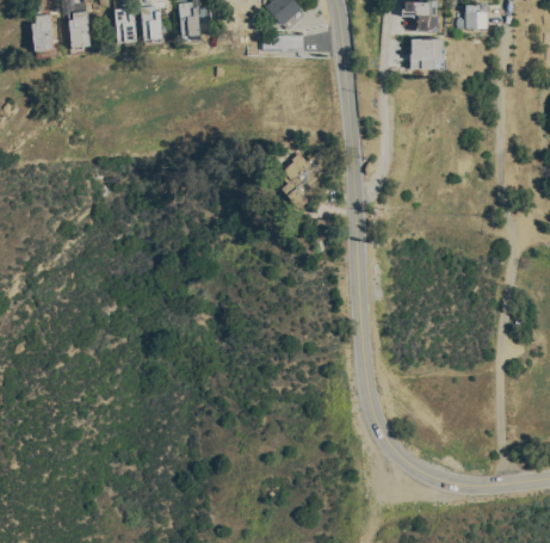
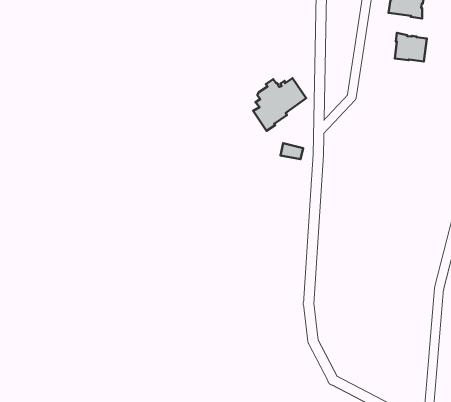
building: none -> [395,33,427,61]

